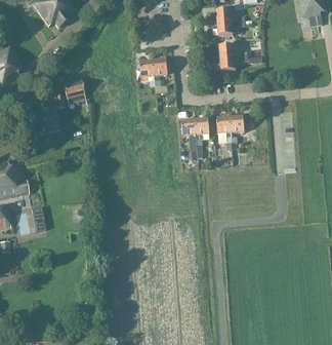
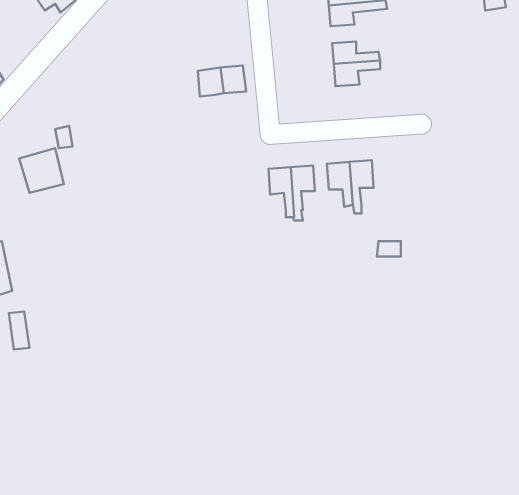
building: [61,80,84,105] -> none

